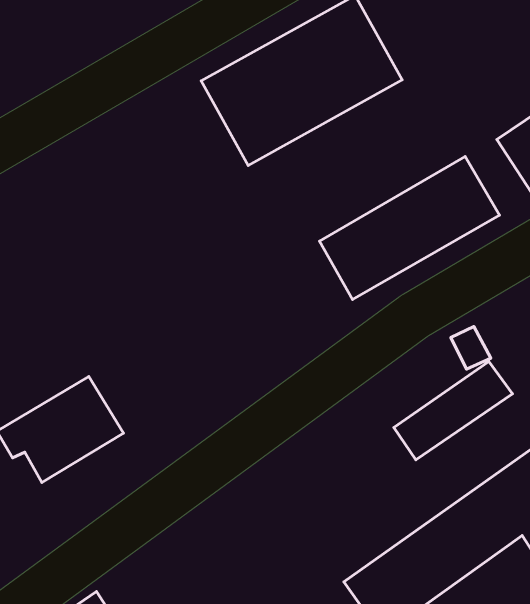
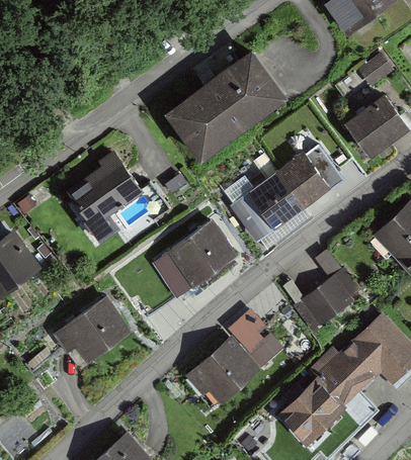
building: none -> [67,158,141,231]
building: none -> [161,223,236,291]
building: none -> [185,306,277,406]

